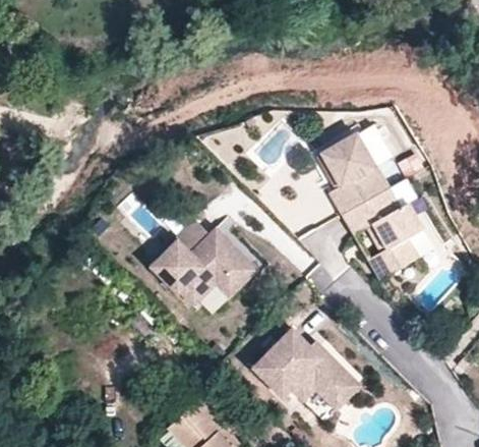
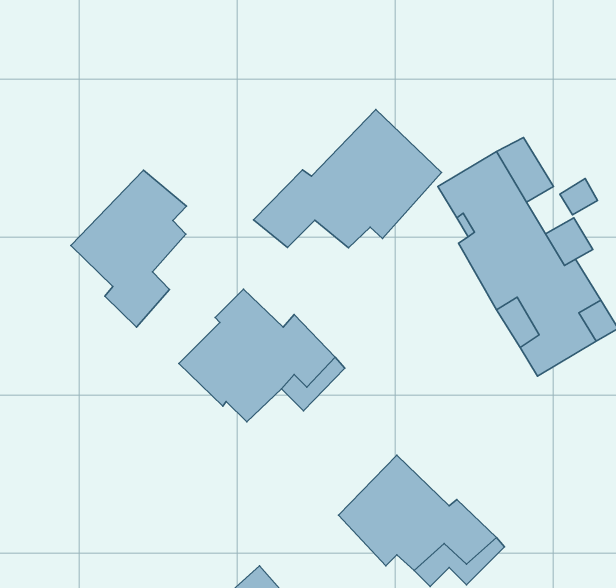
building: none -> [254,109,441,248]
building: none -> [71,170,186,327]

